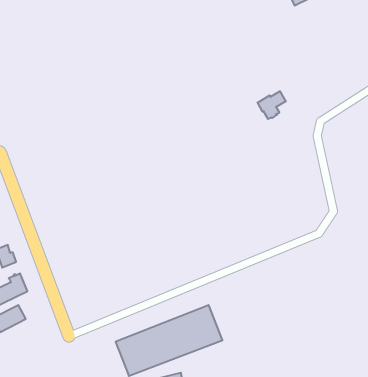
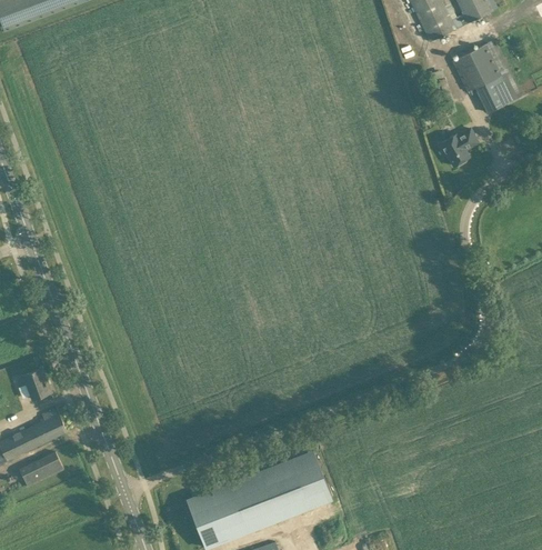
building: none -> [452,40,521,113]
building: [257,91,286,119] -> [439,129,478,167]

